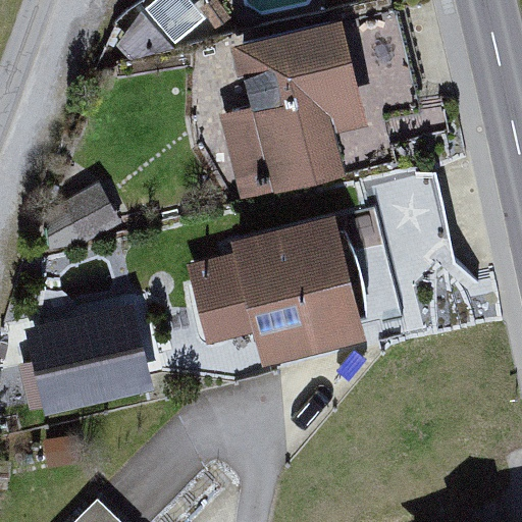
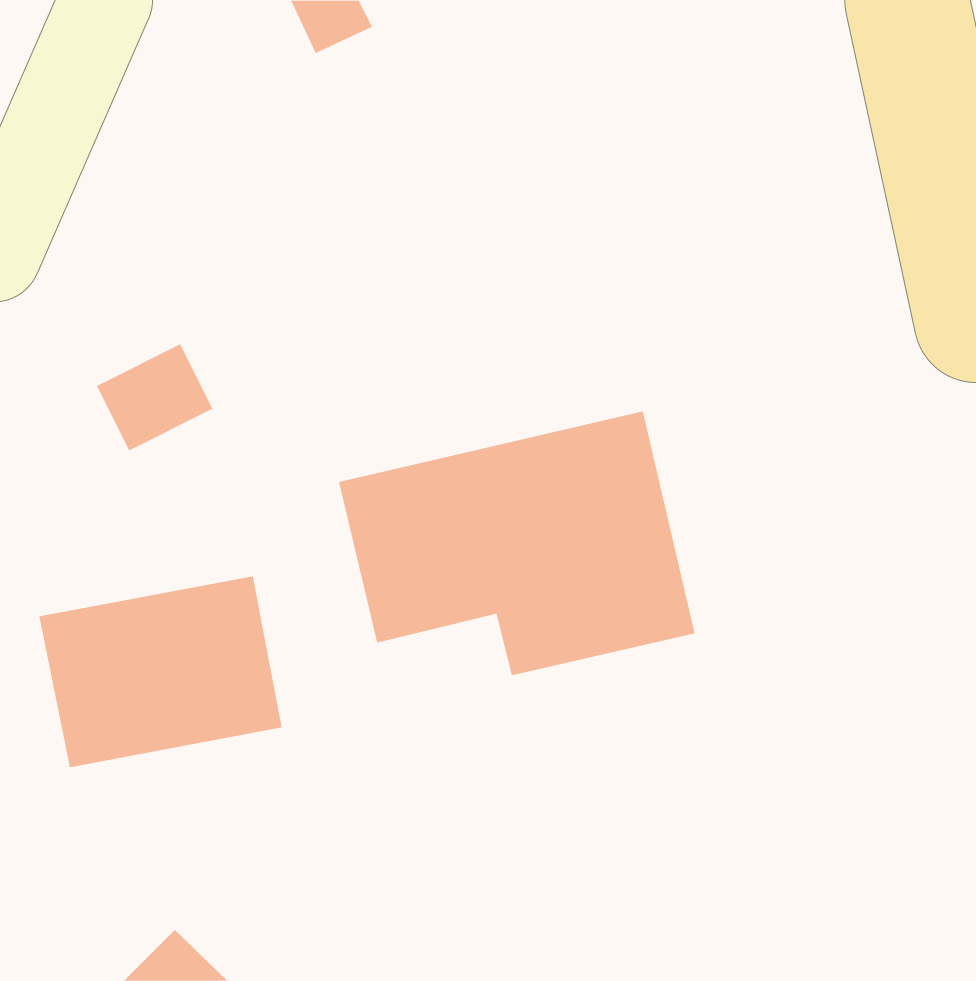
building: [226,37,372,204] -> none

